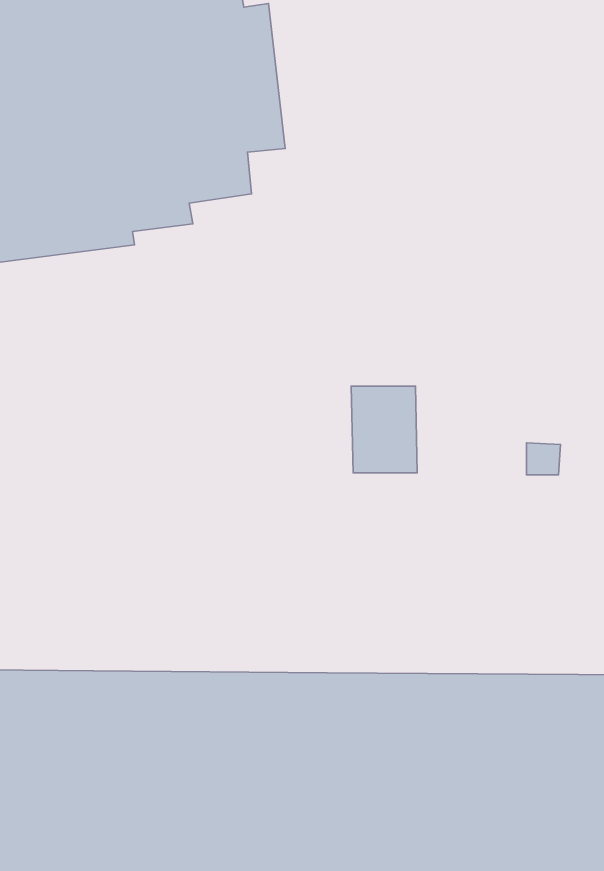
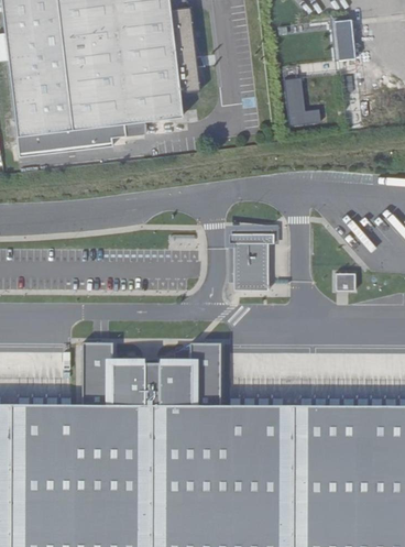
building: none -> [333,18,357,59]
building: none -> [284,79,320,128]
building: none -> [81,340,219,405]

